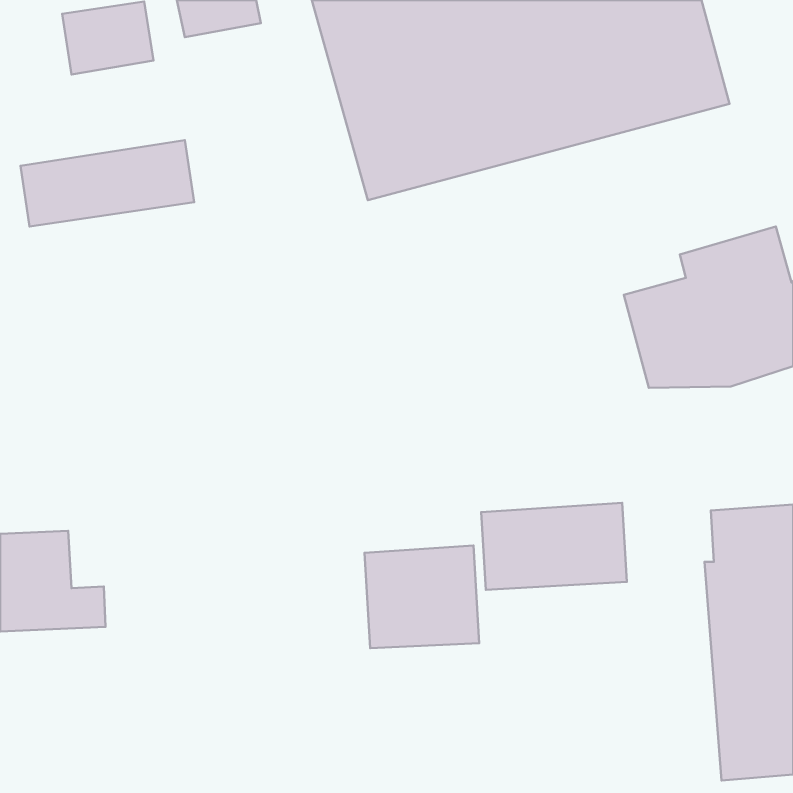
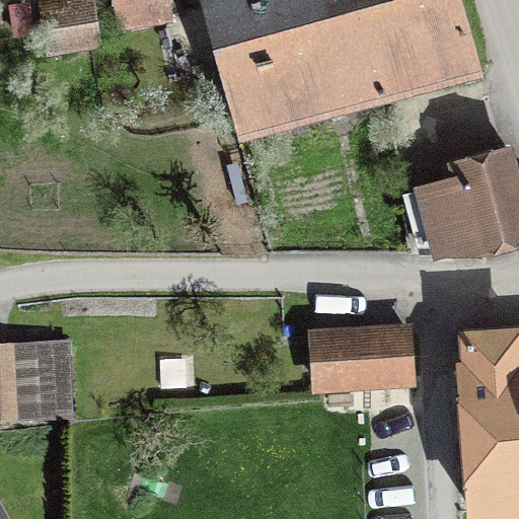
building: [20,140,194,227] -> none
building: [364,546,479,648] -> none

